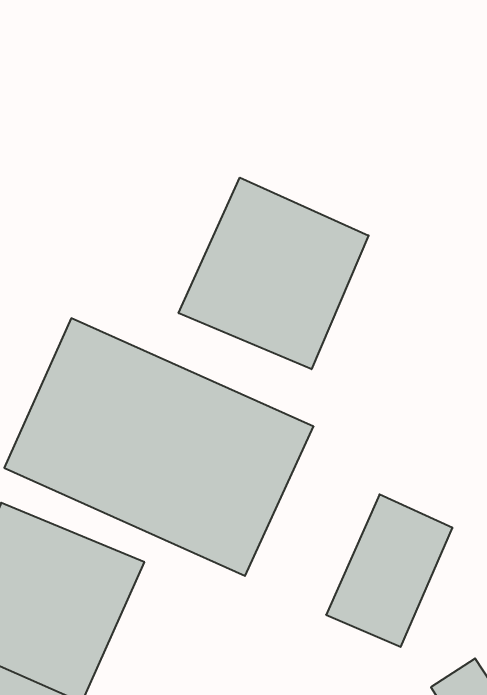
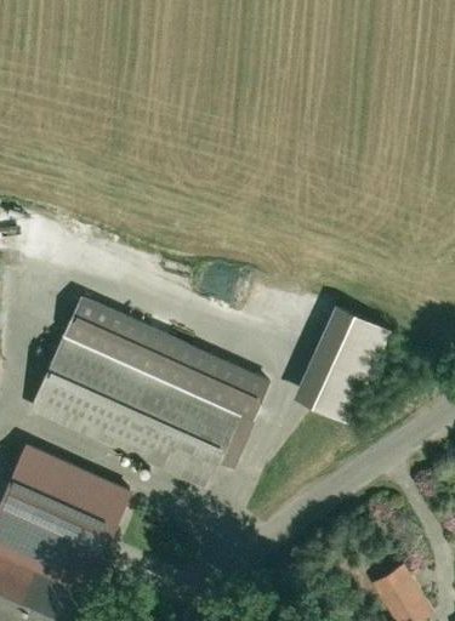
building: [179,178,369,369] -> none
building: [326,494,453,647] -> [296,300,397,421]

